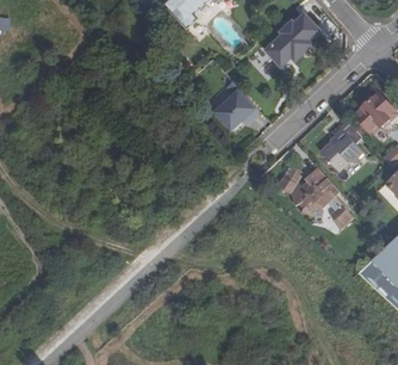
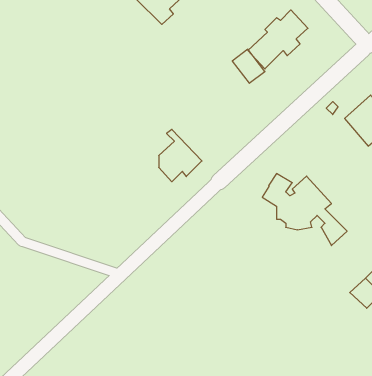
building: [220,82,260,130] -> [159,129,202,182]
building: [322,120,368,171] -> none

